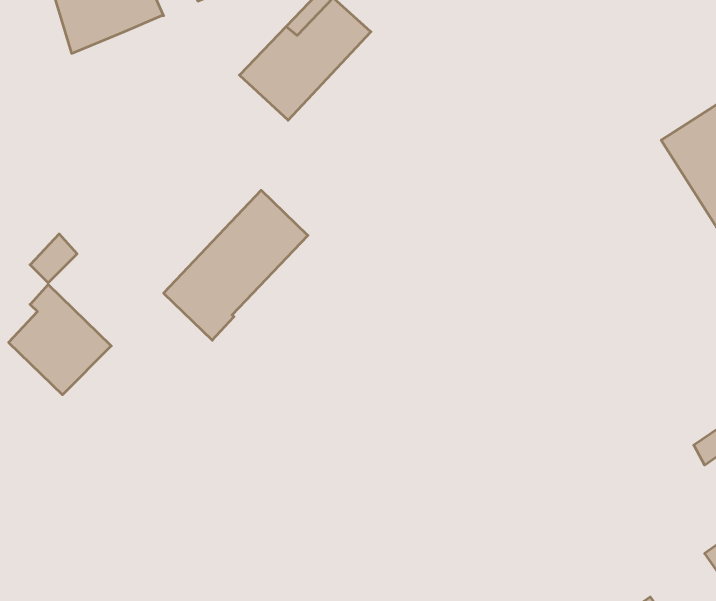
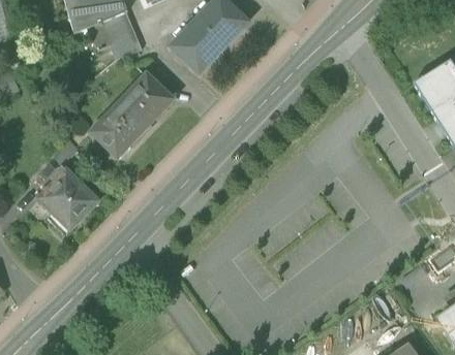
building: none -> [104,11,142,58]
building: [164,190,308,340] -> [90,72,173,158]

